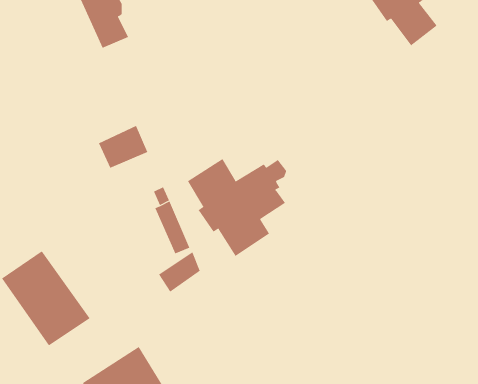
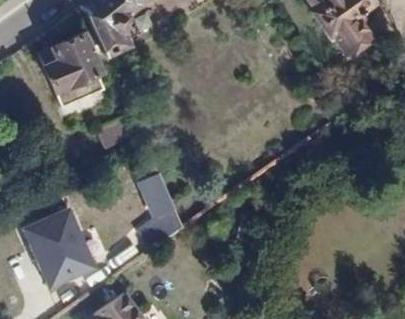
building: none -> [40,37,107,111]
building: [187,158,287,257] -> none

